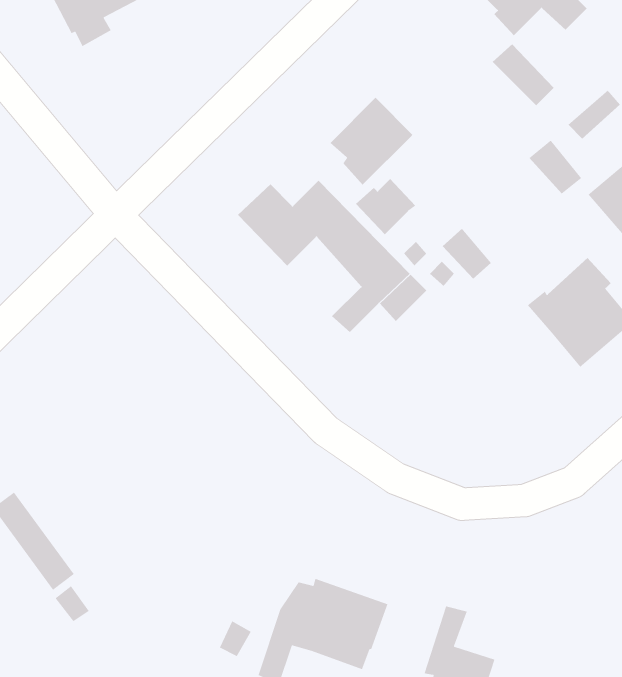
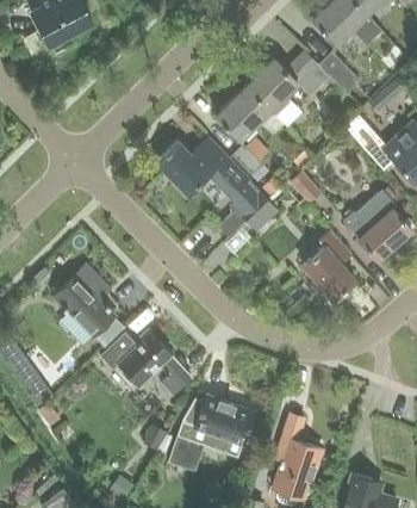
building: none -> [245,51,329,124]
building: none -> [303,231,355,301]
building: none -> [54,264,124,346]
building: none -> [100,333,192,396]

